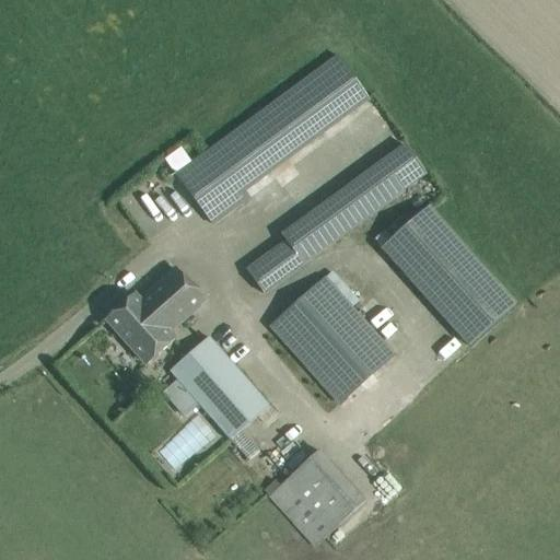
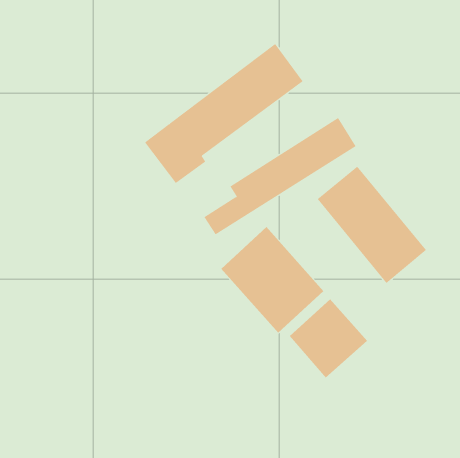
building: [106,267,202,361] -> none
building: [163,336,269,439] -> none
building: [268,448,364,546] -> [289,298,368,379]

